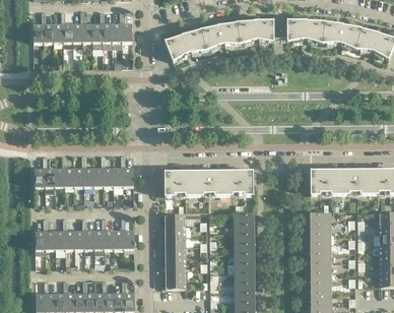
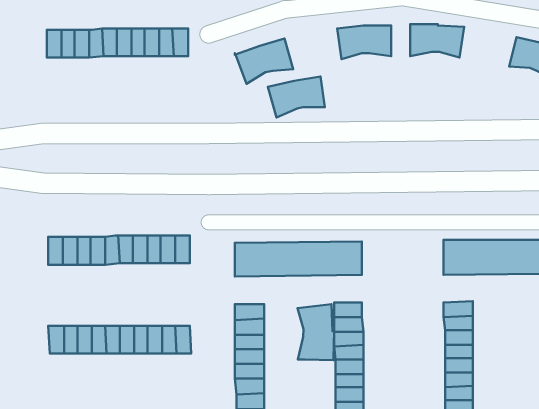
building: [321,20,360,48] -> none
building: [199,21,239,50] -> [268,77,325,117]
building: none -> [297,304,334,360]

